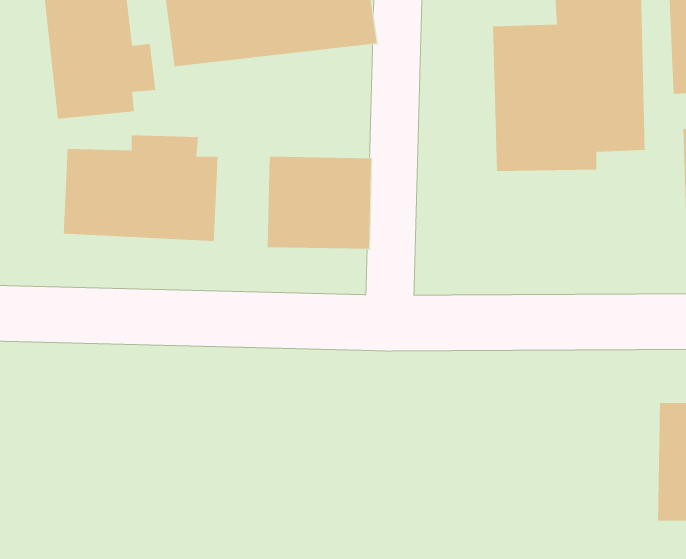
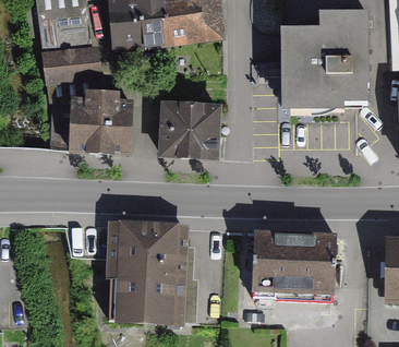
building: none -> [108,218,192,320]
building: none -> [256,231,332,296]

